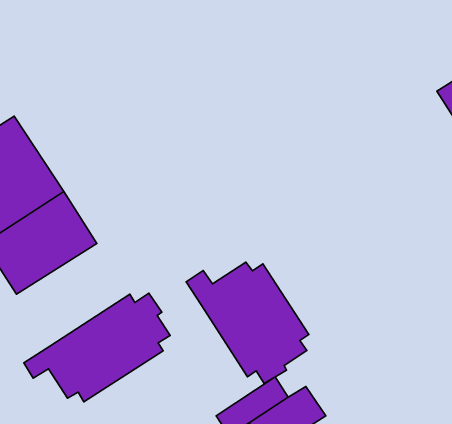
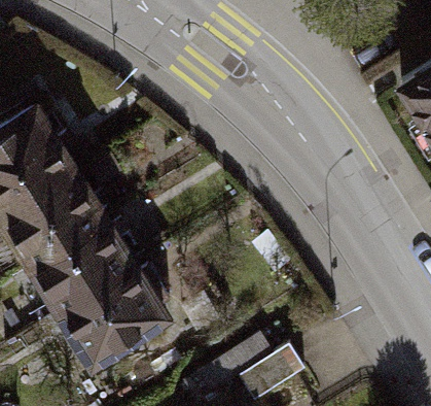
building: none -> [35,219,134,309]
building: [186,262,309,384] -> none

